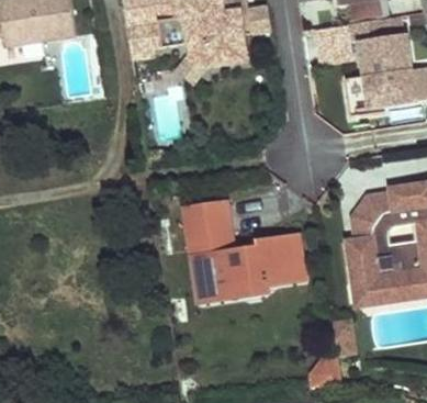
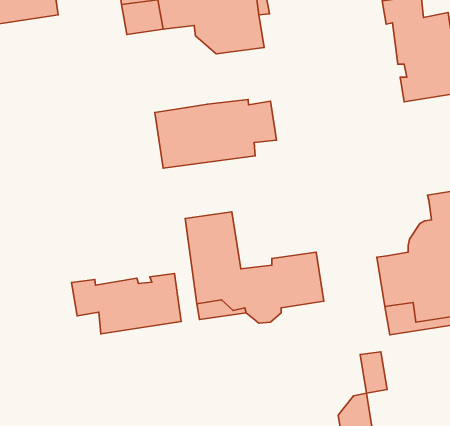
building: none -> [155,99,277,168]
building: [351,192,392,239] -> none
building: none -> [71,273,181,334]

